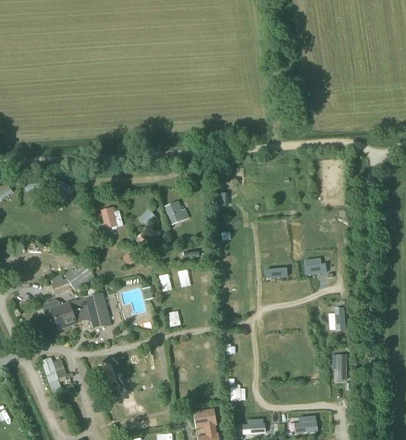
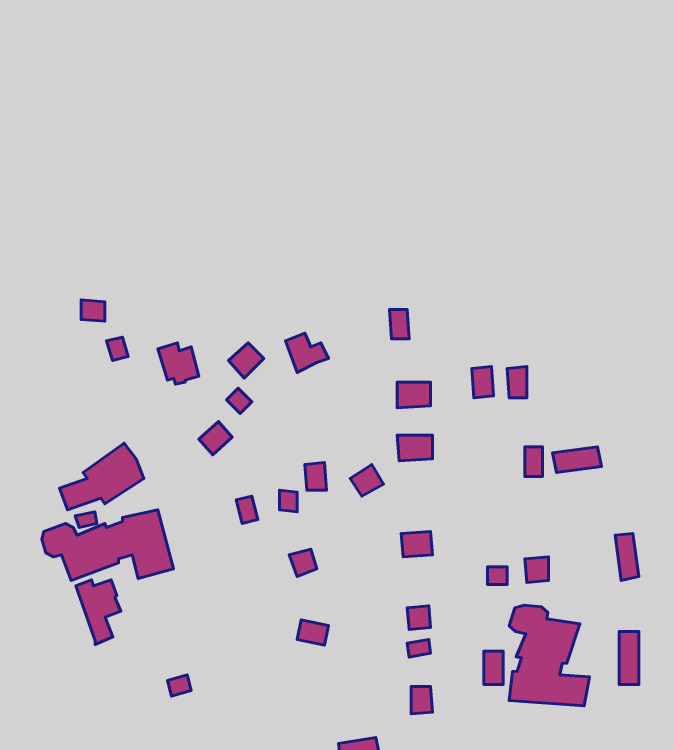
building: none -> [509,605,590,706]
building: [43,360,66,393] -> [76,580,121,645]

